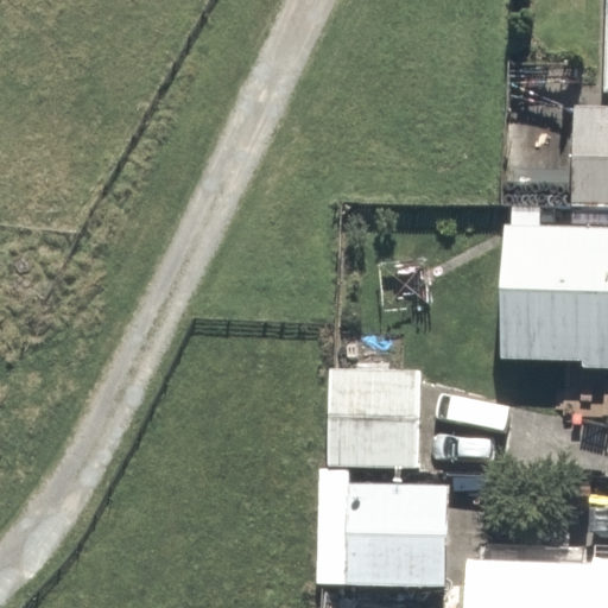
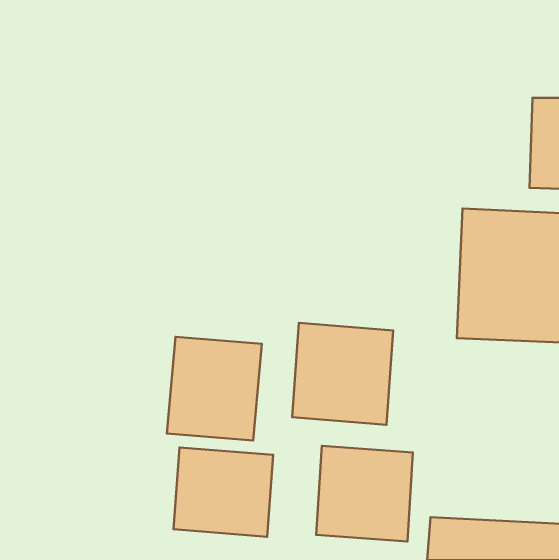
building: none -> [167,337,262,441]
building: none -> [174,447,273,537]

